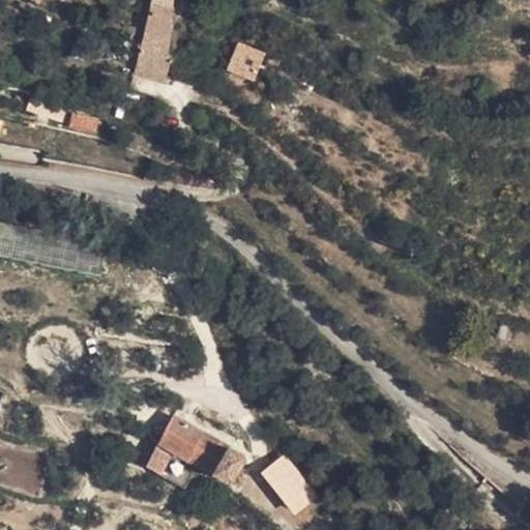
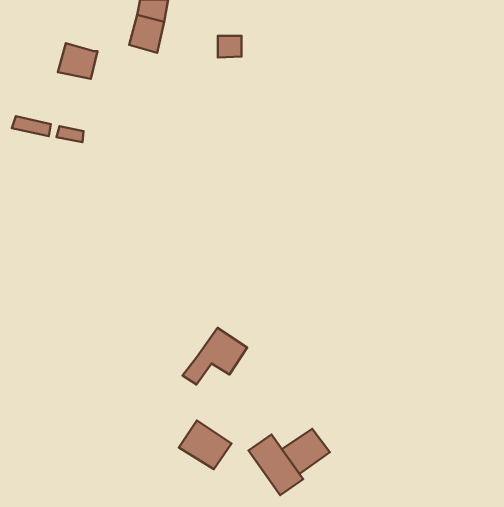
building: [130,47,172,84] -> [58,43,98,79]
building: [142,417,209,476] -> [183,328,247,384]
building: none -> [282,429,330,474]

